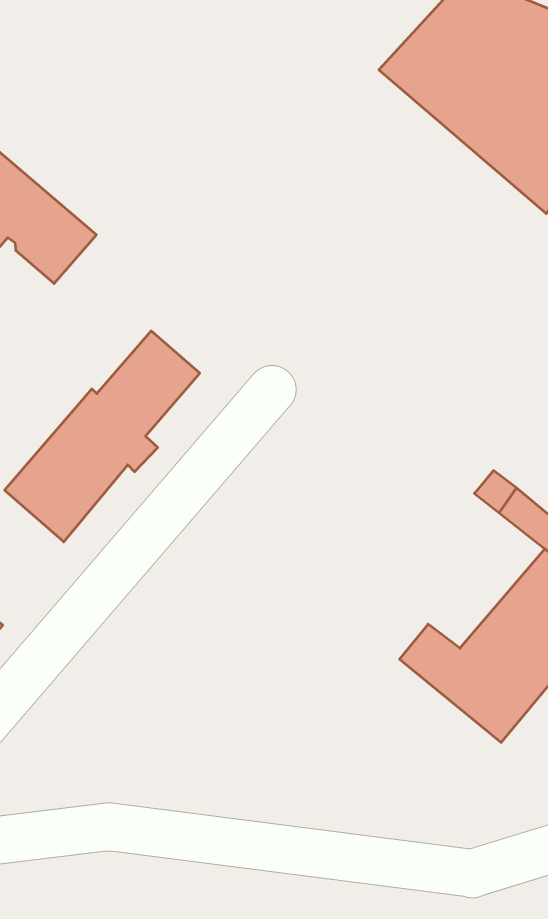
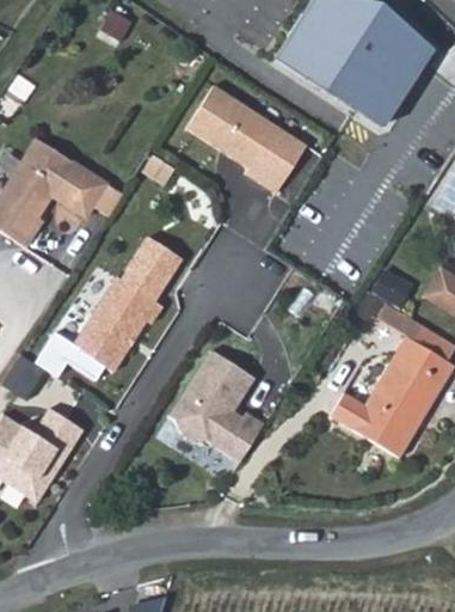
building: none -> [187,85,308,192]
building: none -> [172,350,269,461]

